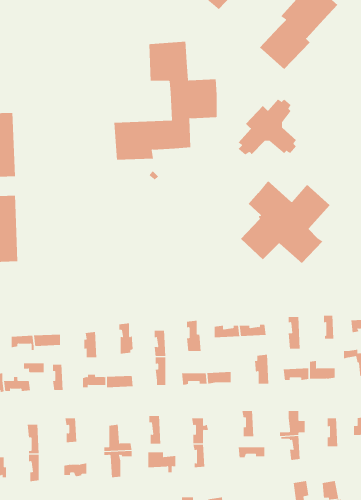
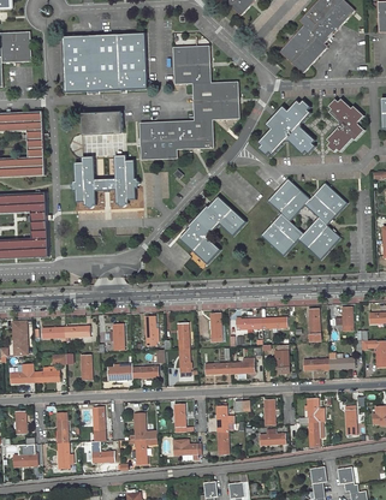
building: none -> [64,32,147,91]
building: none -> [326,99,364,150]
building: none -> [83,112,123,133]
building: none -> [72,155,139,207]
building: none -> [180,196,245,262]

